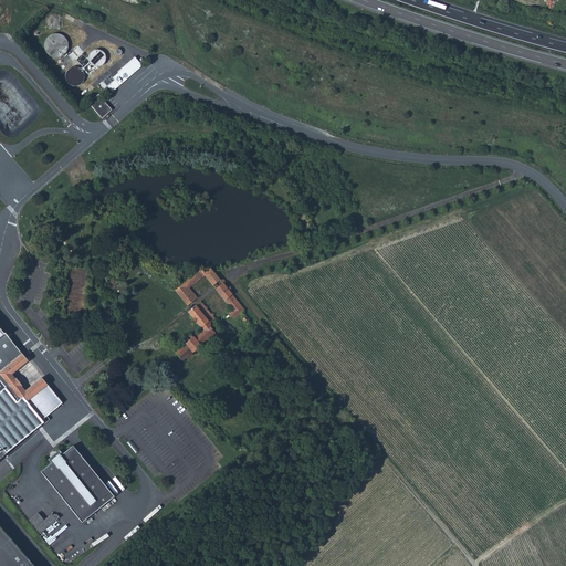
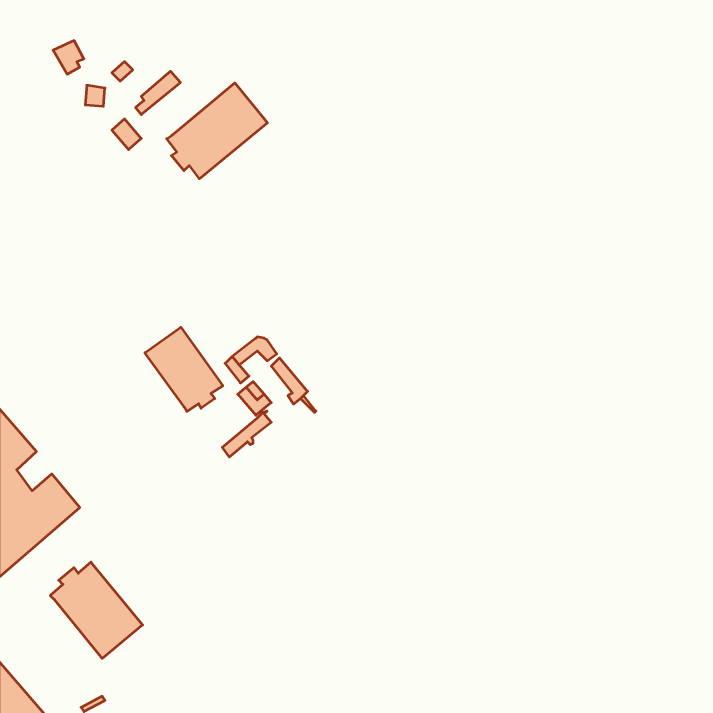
building: none -> [167,83,267,179]
building: none -> [145,327,223,411]

